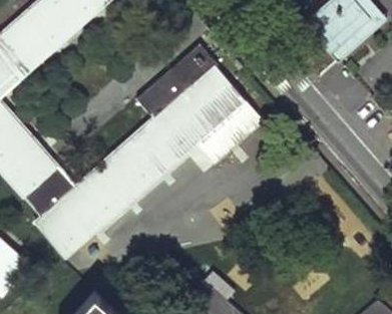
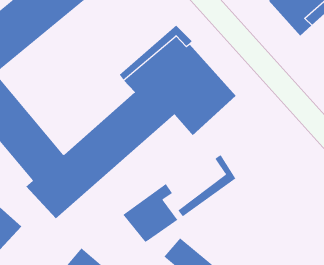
building: none -> [178,155,236,217]
building: none -> [122,183,178,243]

